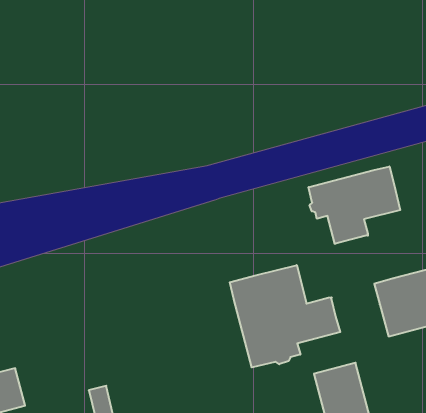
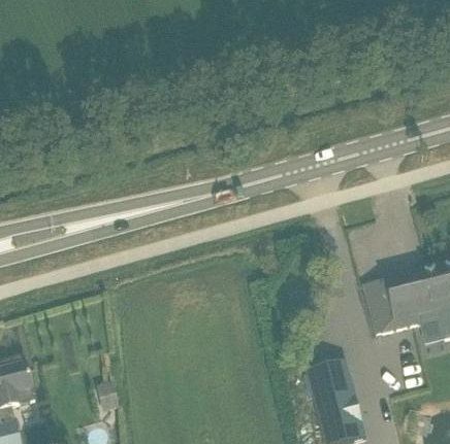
building: [309,166,400,244] -> none
building: [230,265,340,367] -> none

